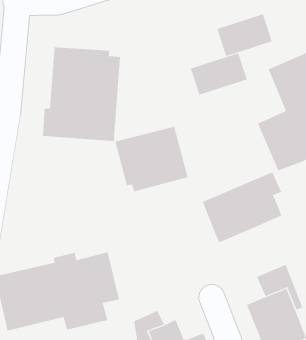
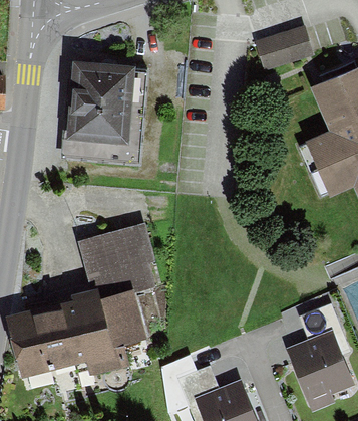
building: [190,52,248,95] -> none
building: [114,126,188,192] -> [78,225,160,298]
building: [202,172,282,243] -> none

